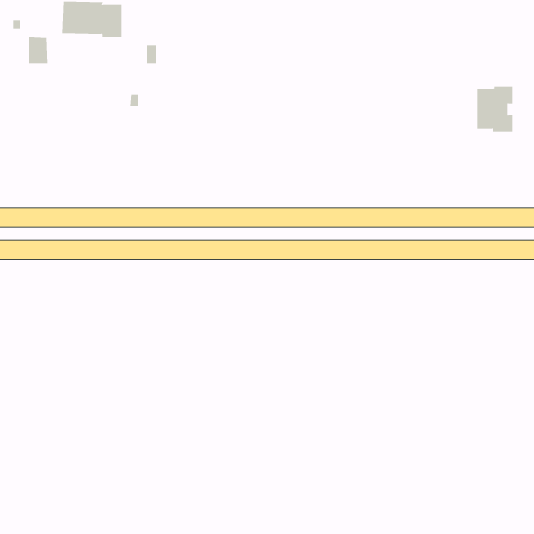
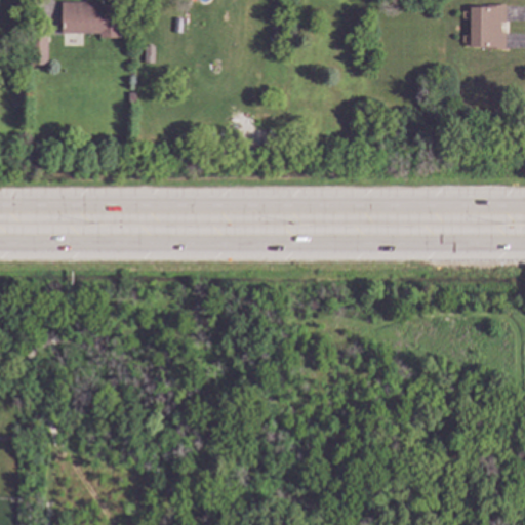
building: [477,86,513,132] -> [470,4,506,49]

